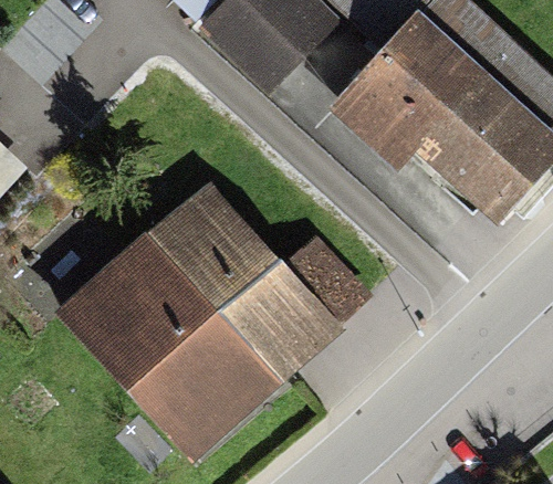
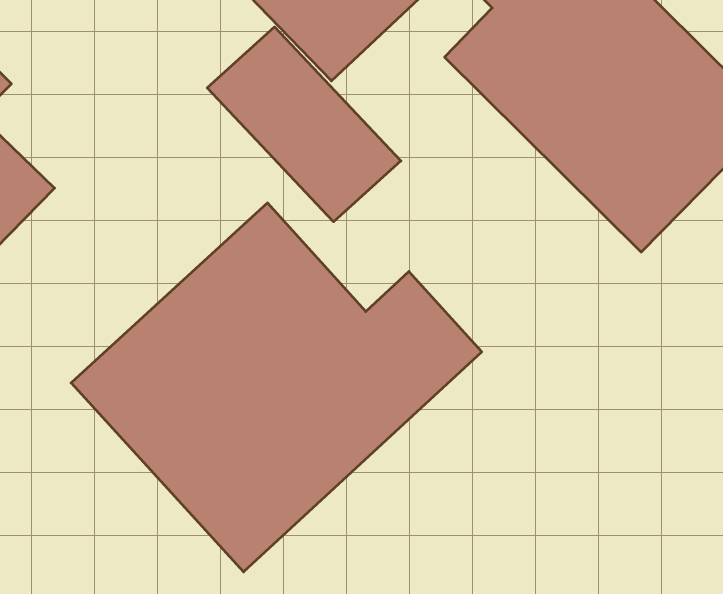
building: none -> [207,27,401,222]

